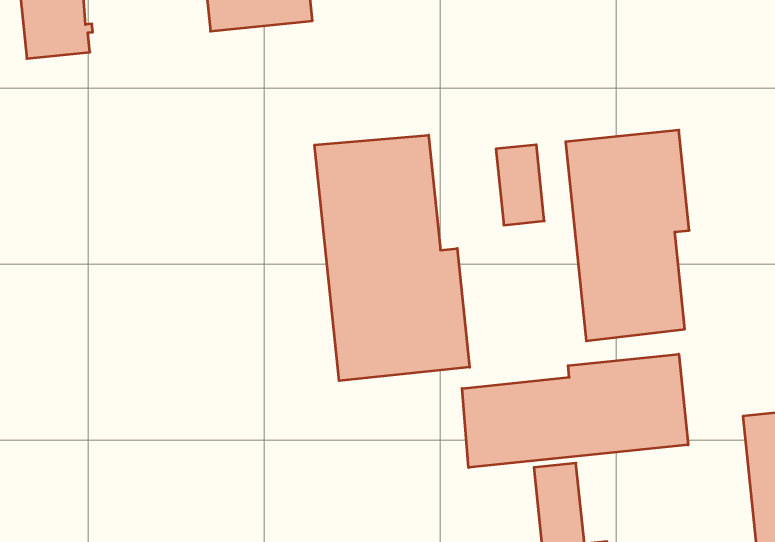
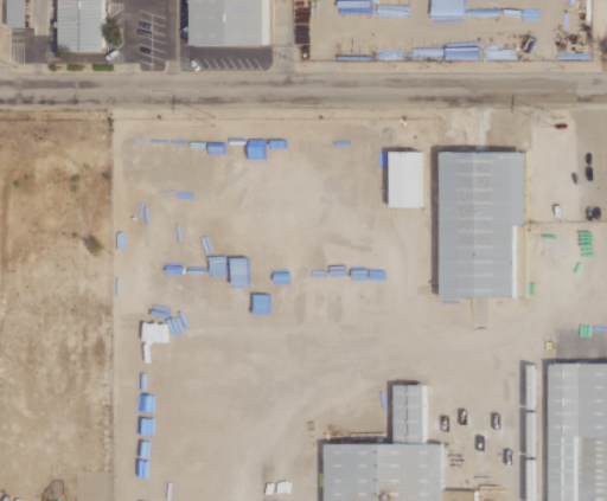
building: [315,135,470,381] -> none
building: [462,354,688,468] -> none

